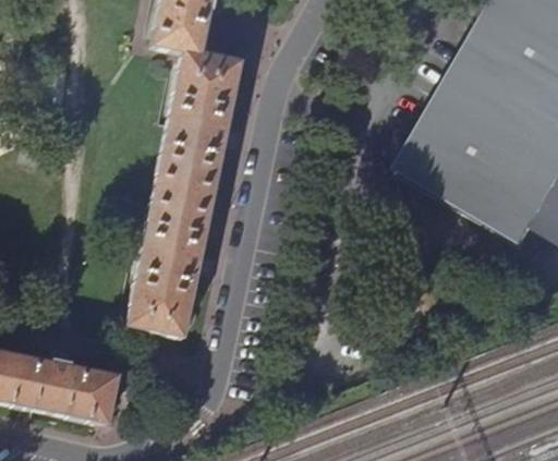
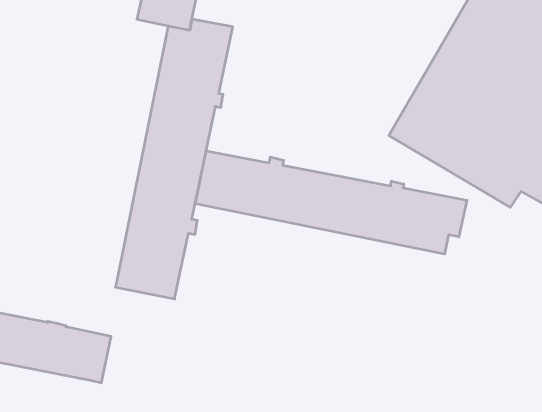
building: none -> [195,151,467,254]

